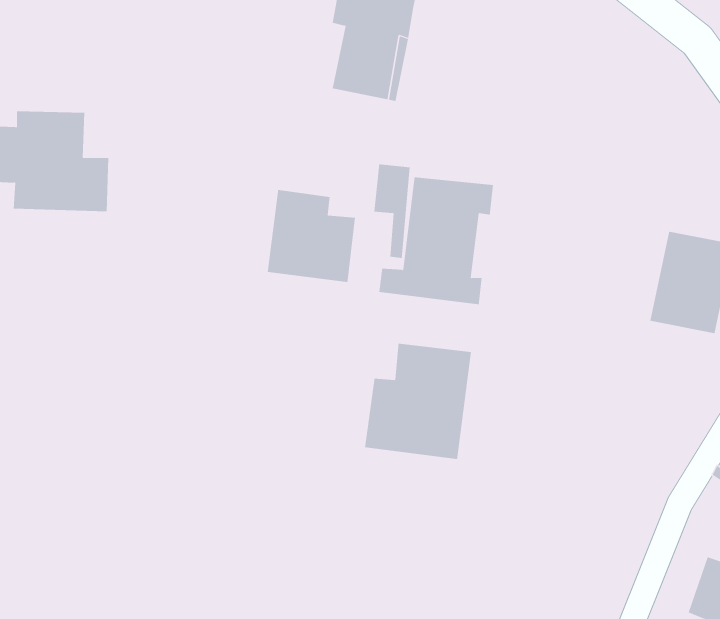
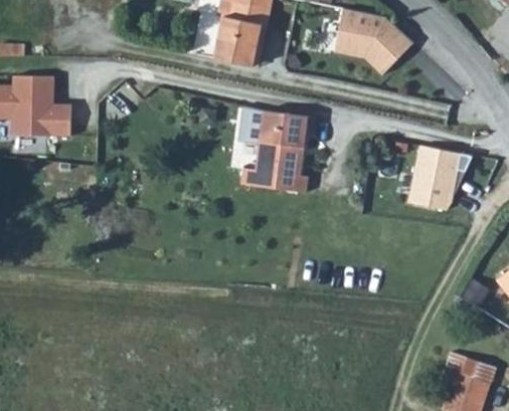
building: none -> [339,9,418,76]
building: [267,189,356,283] -> none
building: [365,343,471,460] -> none

